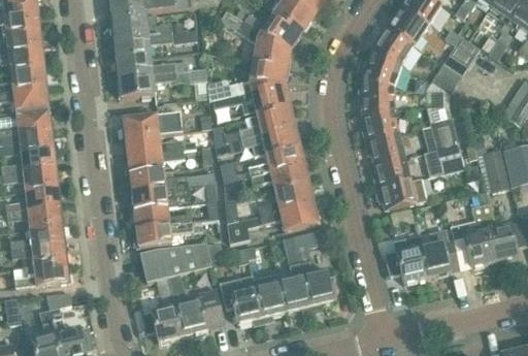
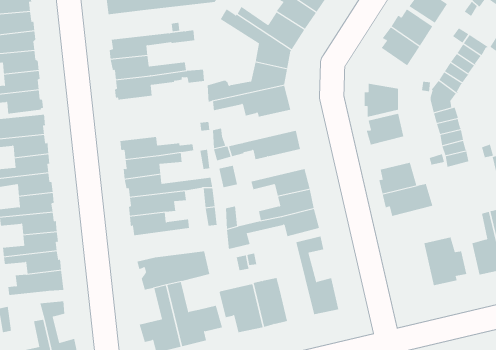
building: [110,14,172,39] -> none
building: [363,51,401,87] -> none
building: [239,107,295,139] -> none
building: [123,111,182,137] -> none
building: [366,133,405,162] -> none
building: [249,145,303,176] -> none
building: [136,222,193,248] -> none
building: [279,235,311,312] -> none
building: [386,236,427,284] -> none

